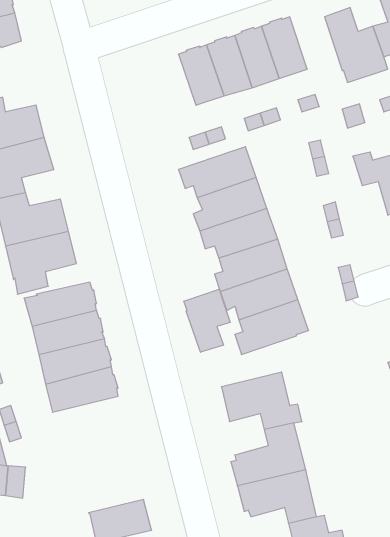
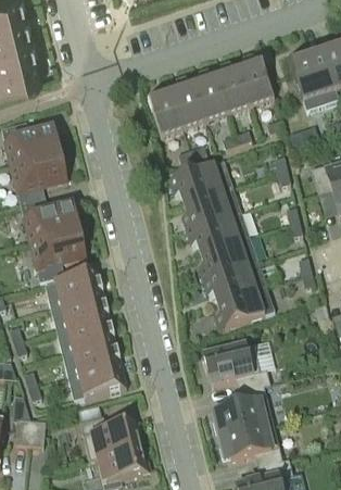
building: none -> [146,87,182,137]
building: [184,289,230,352] -> none
building: none -> [66,364,125,400]
building: none -> [78,416,140,462]

